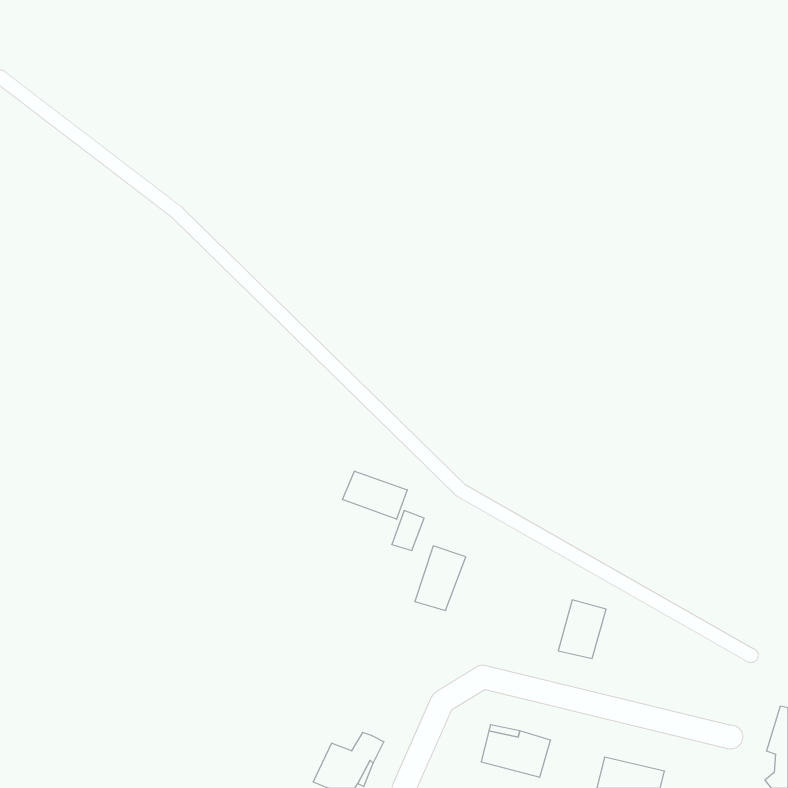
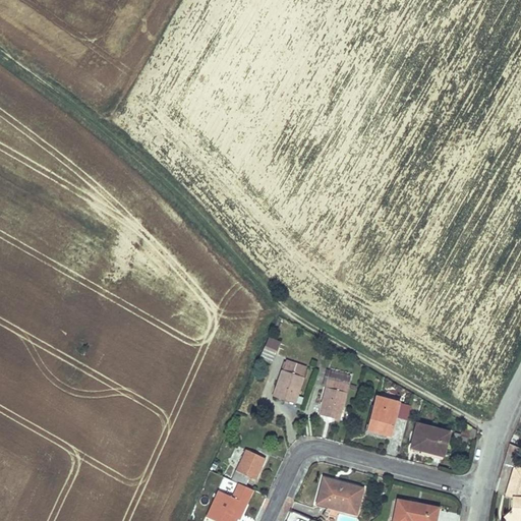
building: [343,471,407,519] -> none
building: none -> [319,377,350,419]
building: none -> [411,423,450,454]
building: none -> [232,450,267,485]

